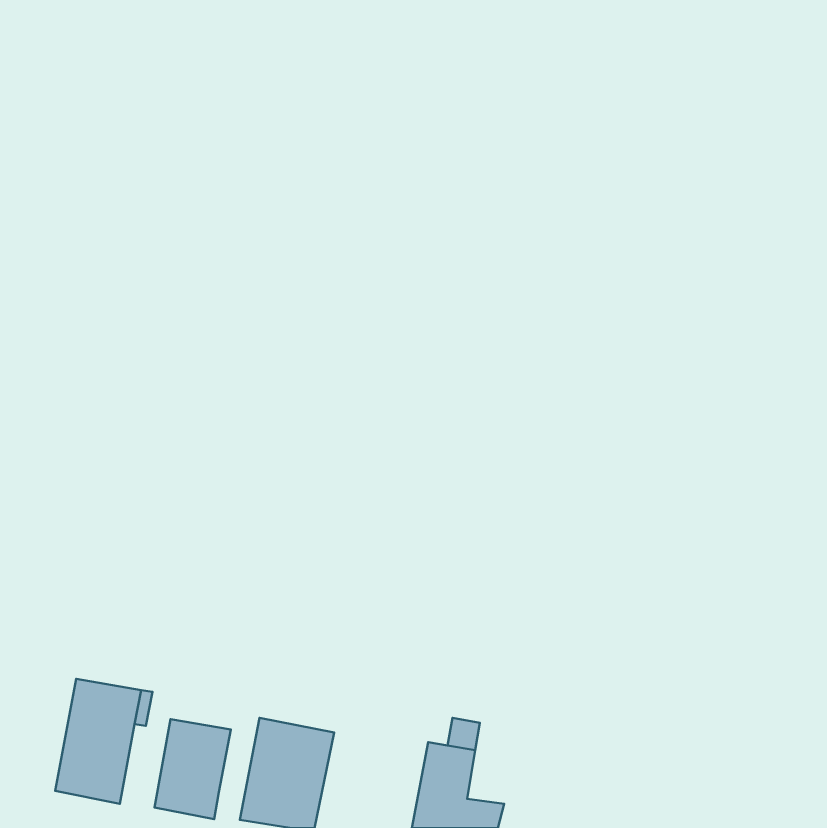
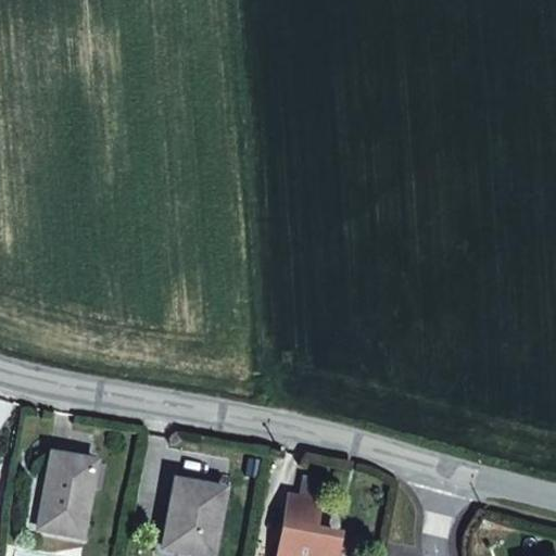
building: [154,719,231,819] -> none

